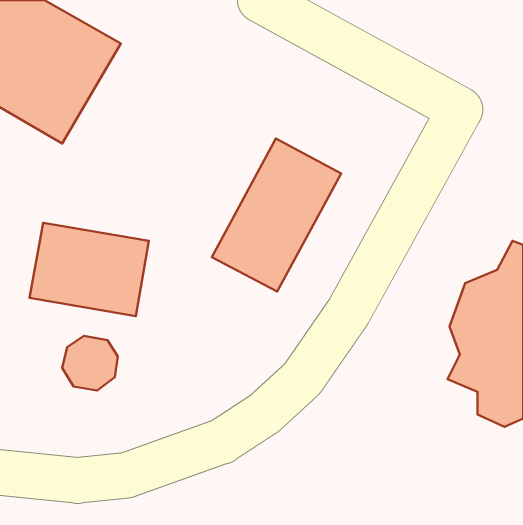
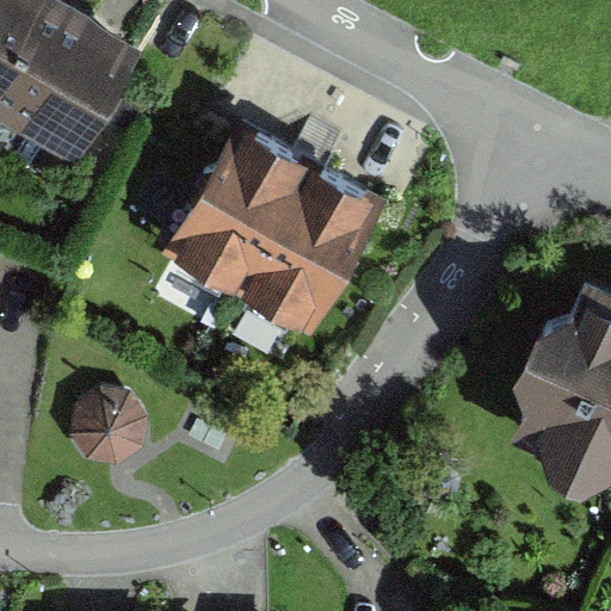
building: none -> [169,124,319,301]
building: [30,223,149,316] -> none

